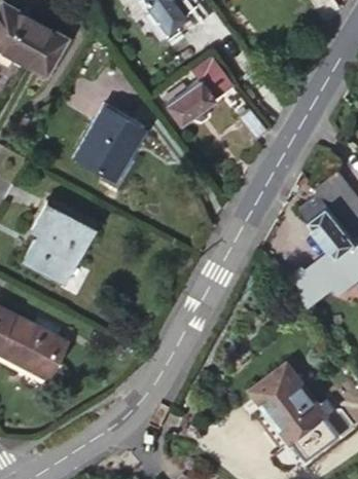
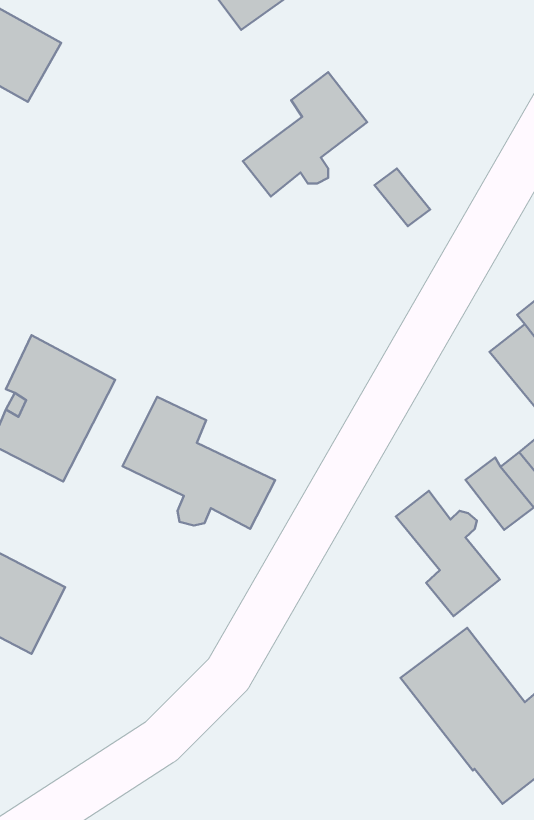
building: [73,107,143,176] -> none
building: none -> [123,397,275,529]
building: none -> [396,491,500,616]

